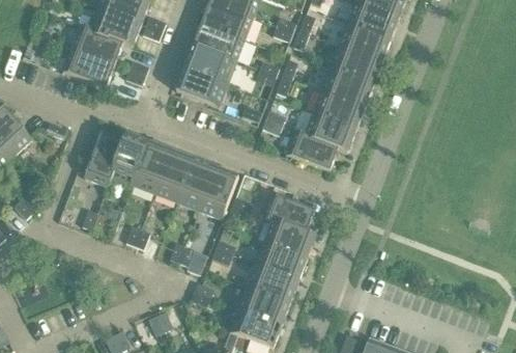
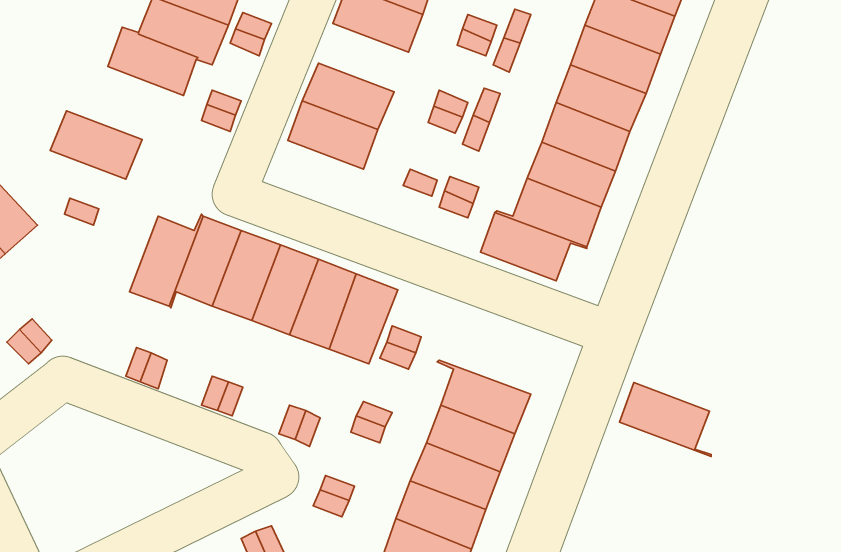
building: [193,23,245,62] -> none
building: [62,48,115,87] -> [50,111,142,179]
building: [262,194,315,237] -> [619,383,711,456]

